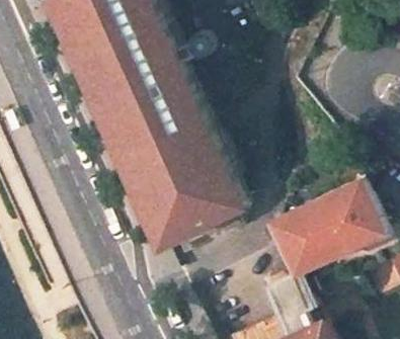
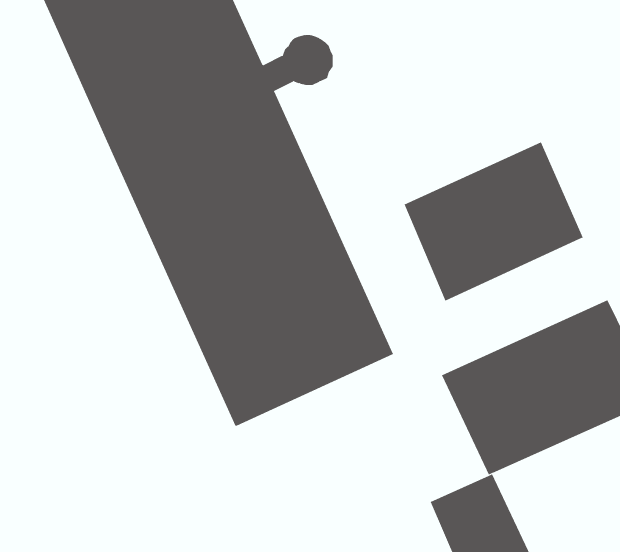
building: none -> [404,142,584,302]

